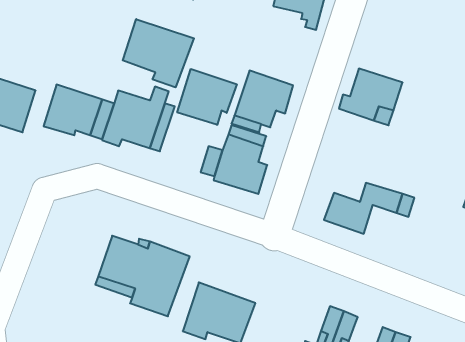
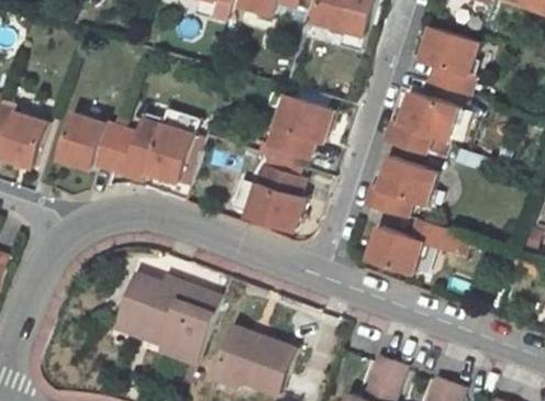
building: none -> [418,26,476,91]
building: [123,19,194,87] -> none
building: [177,69,237,125] -> none
building: none -> [363,156,434,214]

